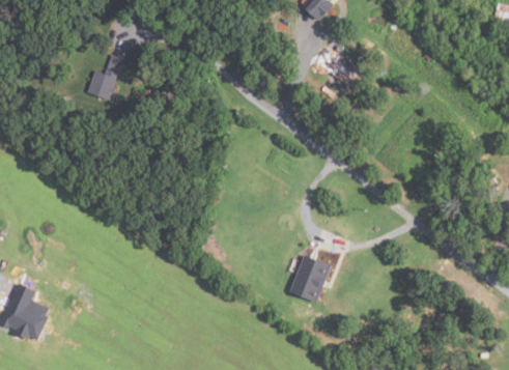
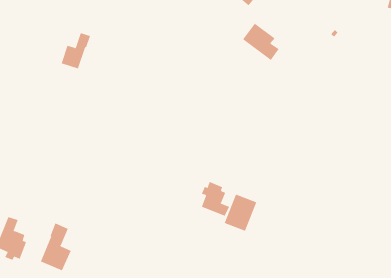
building: none -> [201,181,230,216]
building: none -> [40,223,71,271]

